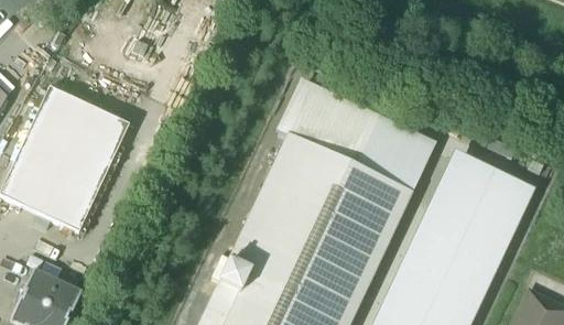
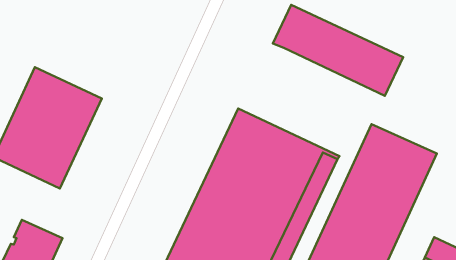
building: [279,82,435,191] -> [273,5,403,96]

